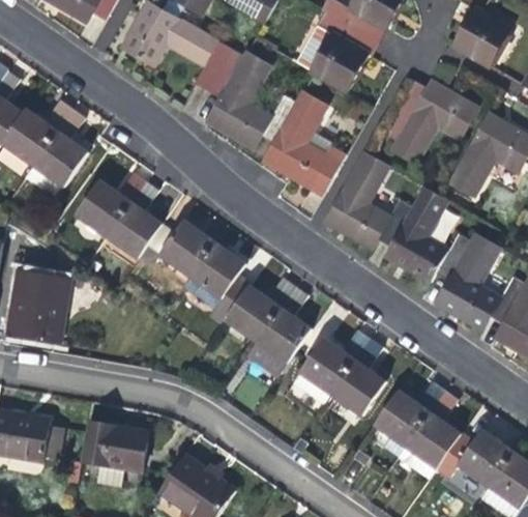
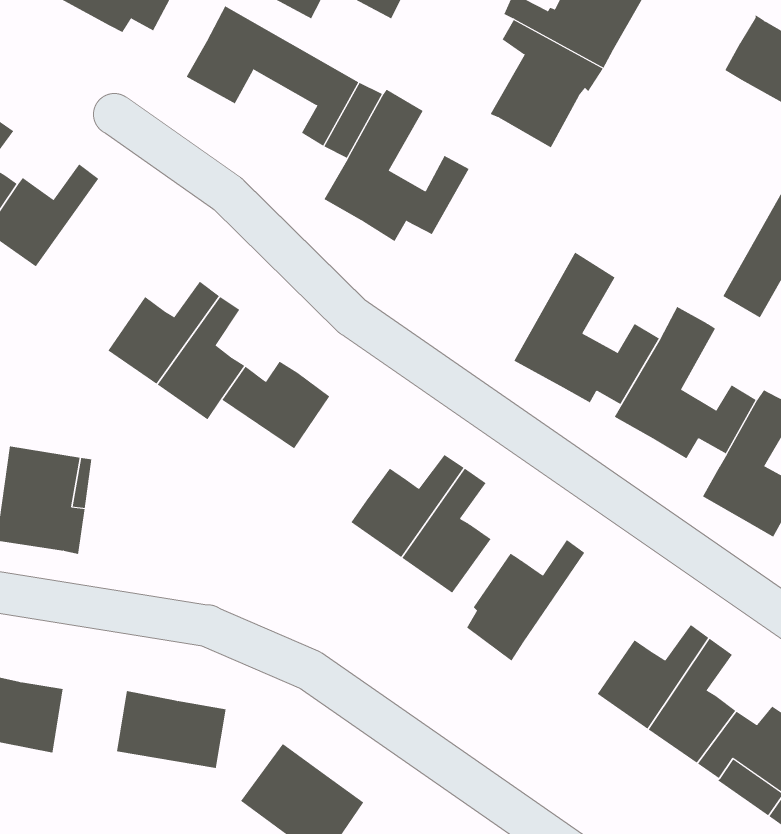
building: [384,80,476,163] -> none
building: [265,94,345,195] -> none
building: [33,110,86,185] -> none
building: [183,242,248,308] -> none
building: [330,338,385,414] -> none

